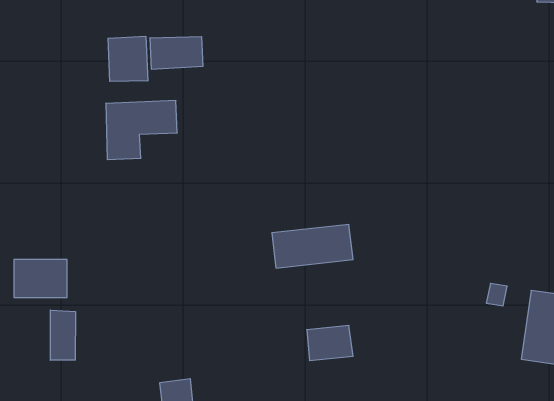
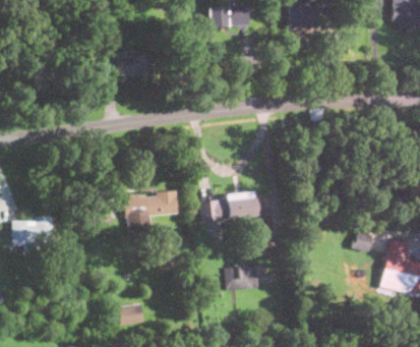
building: [108,36,148,81] -> none
building: [106,101,177,160] -> [125,191,177,234]
building: [50,310,75,360] -> none

